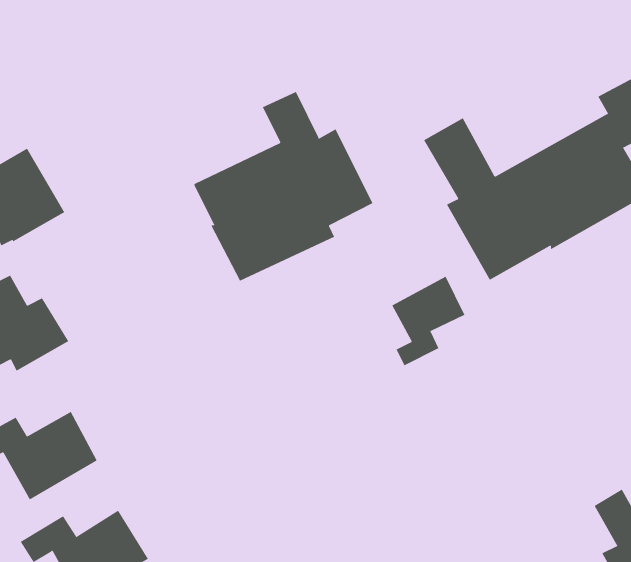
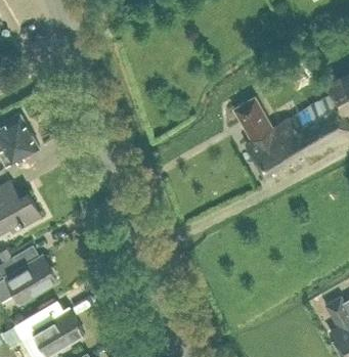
building: [194,91,373,282] -> none
building: [391,276,465,366] -> none

